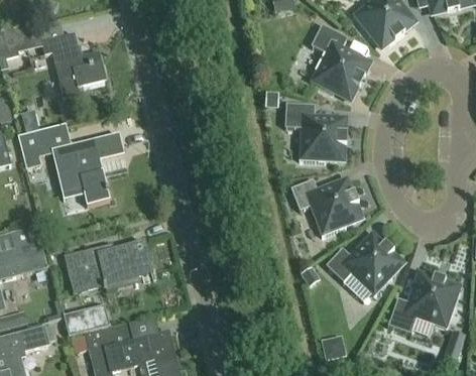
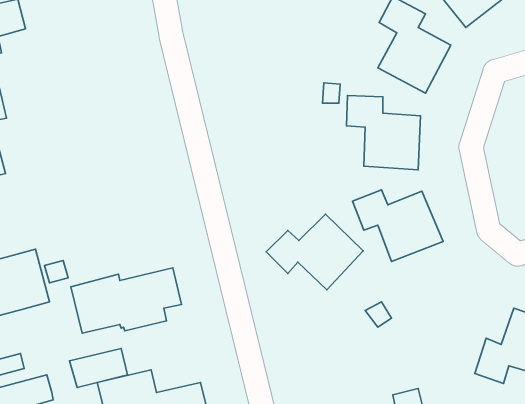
building: [41,33,105,99] -> none
building: [16,123,123,206] -> none
building: [325,234,402,294] -> [266,214,363,290]

